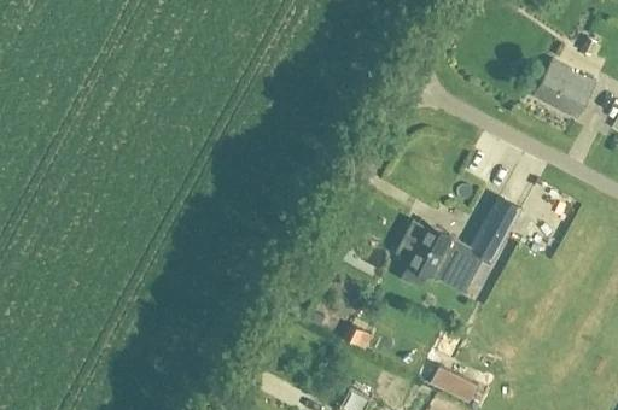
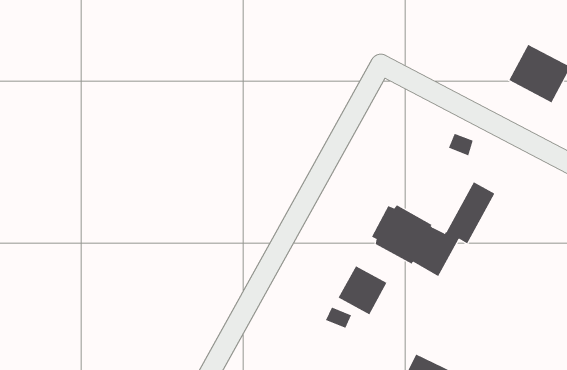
building: none -> [338,265,387,315]

